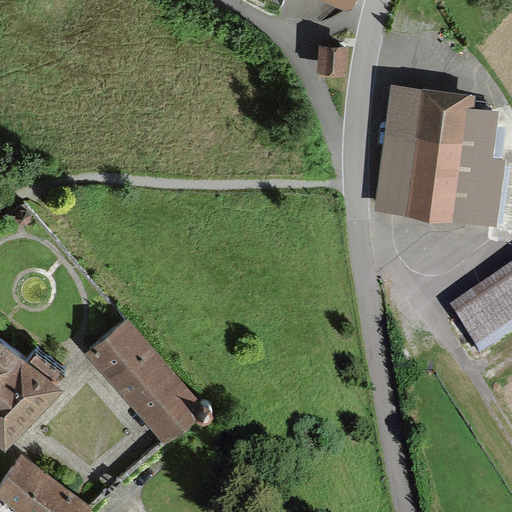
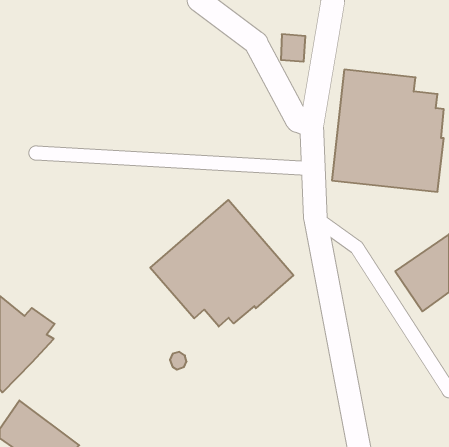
building: none -> [150,200,293,327]
building: [86,320,195,446] -> none

